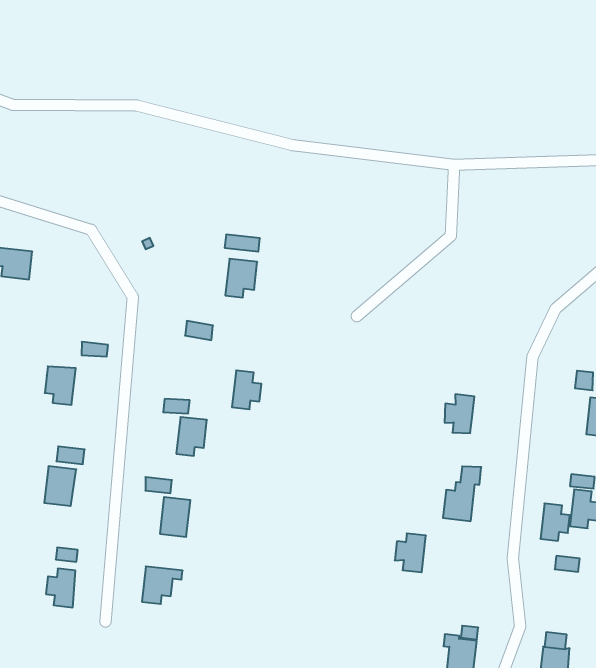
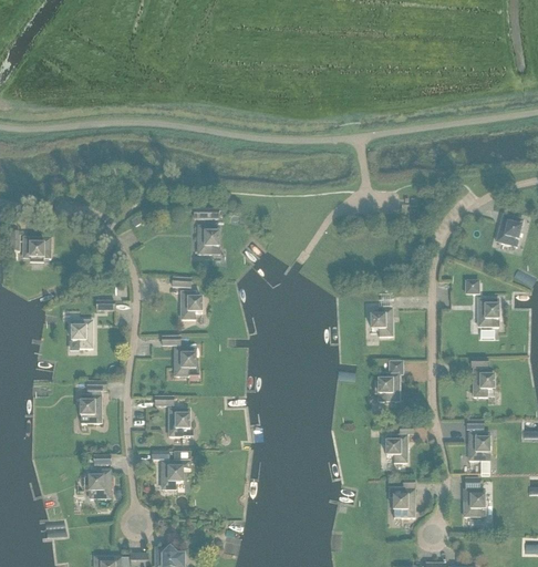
building: [232,370,261,409] -> [180,291,200,319]
building: [540,503,570,541] -> [468,433,488,460]
building: [395,533,426,572] -> [385,435,406,463]

